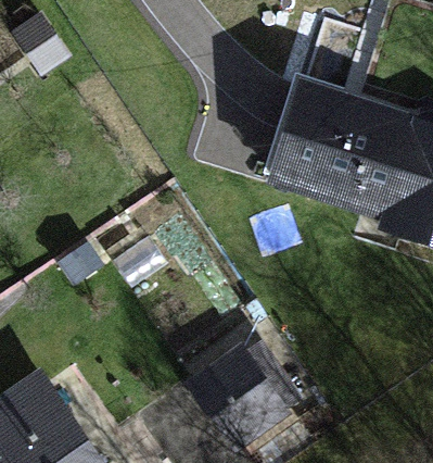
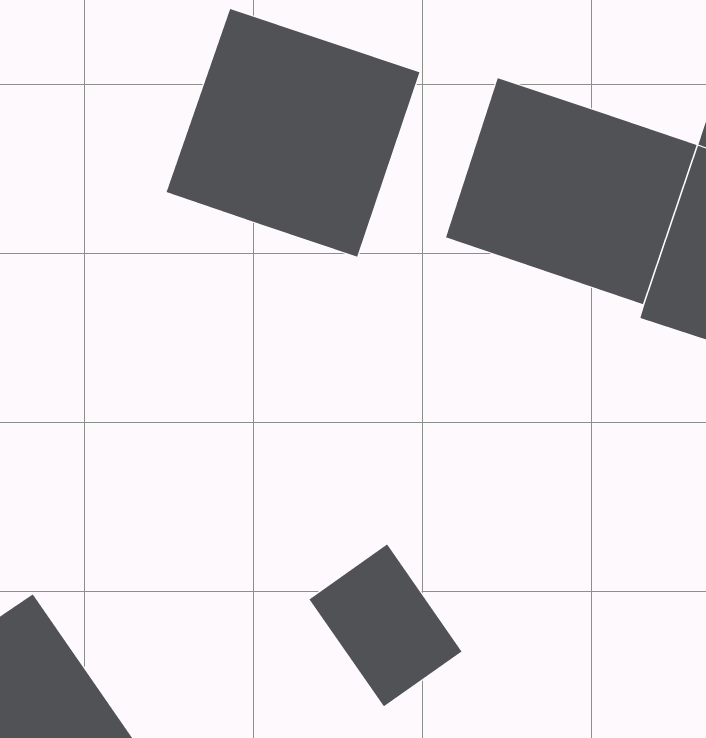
building: none -> [166,8,420,257]

